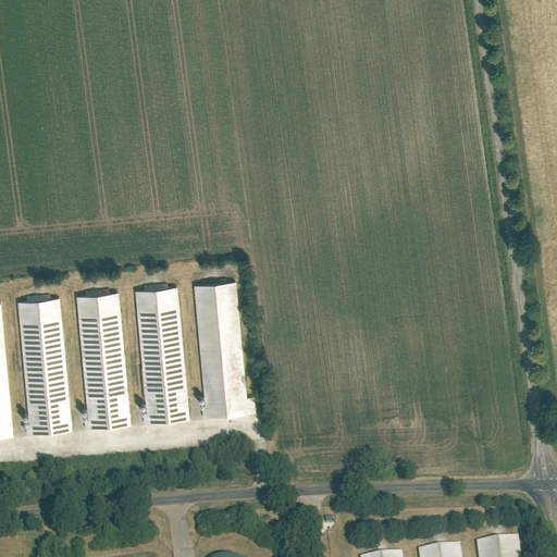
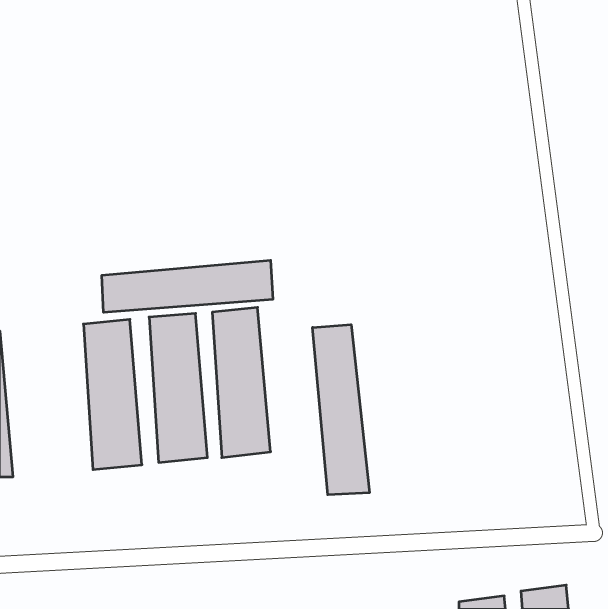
building: none -> [102,260,273,312]
building: none -> [313,325,369,495]
building: [16,297,70,434] -> none

